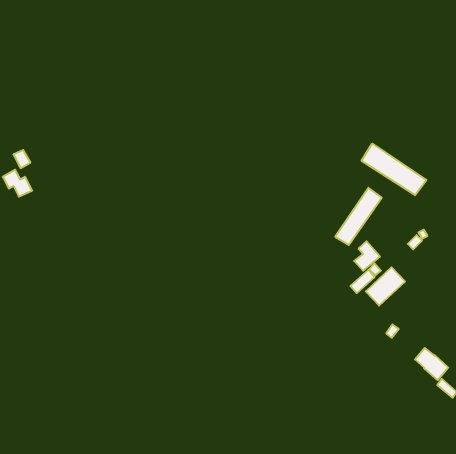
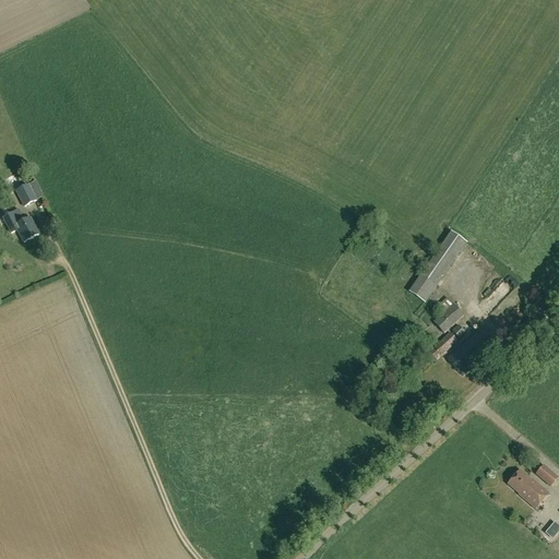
building: [362,144,426,195] -> none
building: [415,348,448,380] -> [508,467,548,507]

